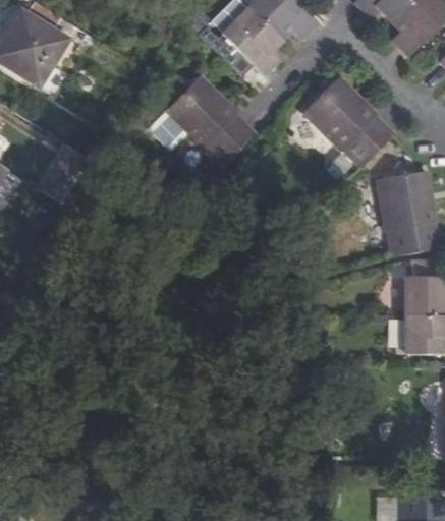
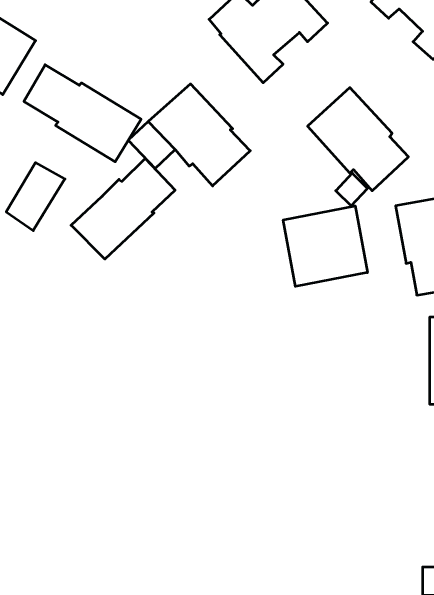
building: none -> [24,65,141,162]
building: none -> [71,159,175,259]
building: none -> [283,206,367,286]

